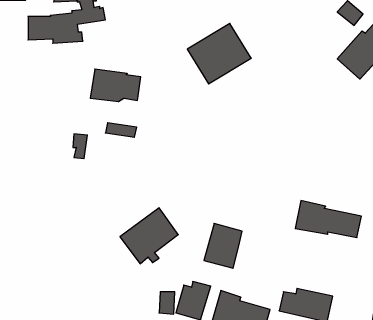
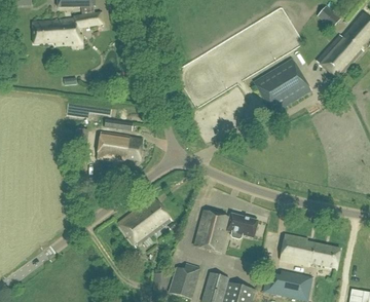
building: [187,23,251,84] -> [253,58,311,113]
building: [90,69,141,102] -> [97,131,143,161]
building: [295,201,361,238] -> [279,233,339,267]
building: none -> [226,213,258,239]

